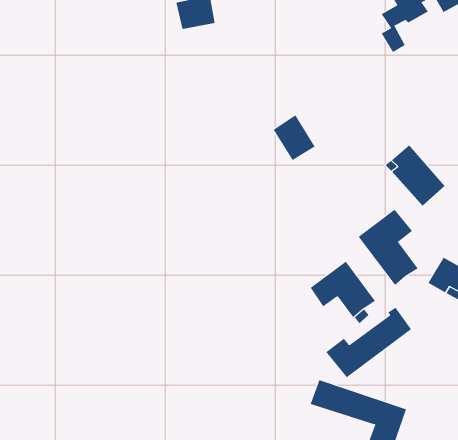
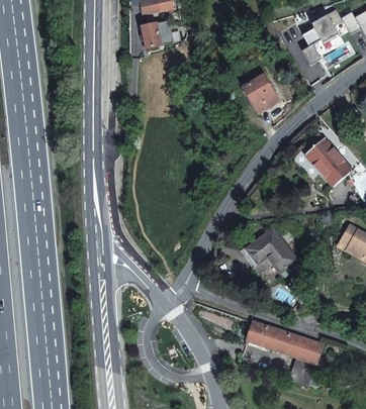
building: [273,114,315,161] -> [244,75,277,111]
building: [358,209,418,286] -> none
building: [326,307,412,378] -> none

